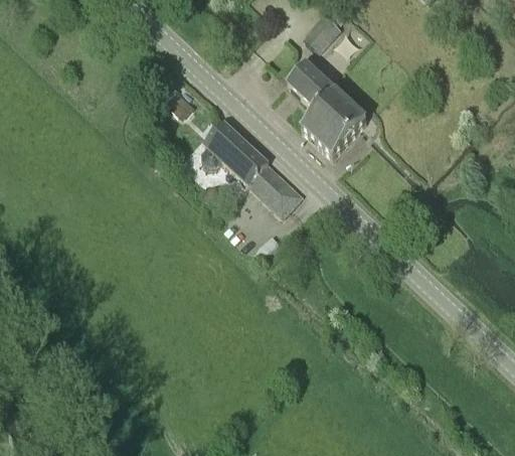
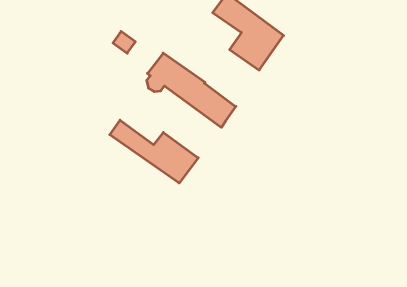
building: none -> [110,120,198,183]

